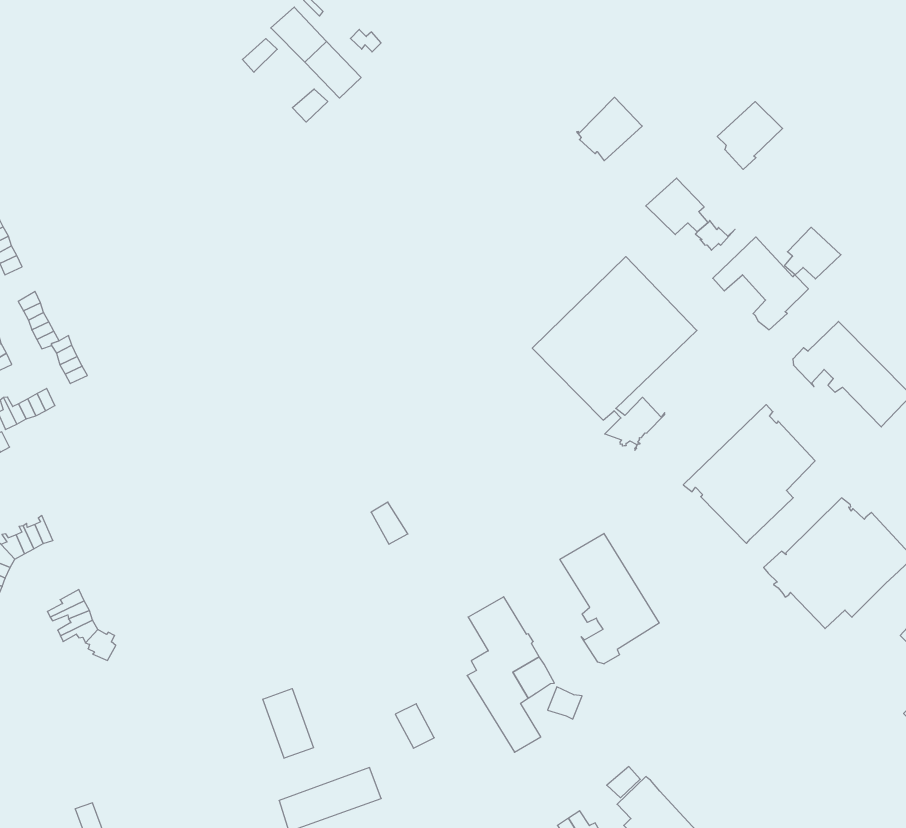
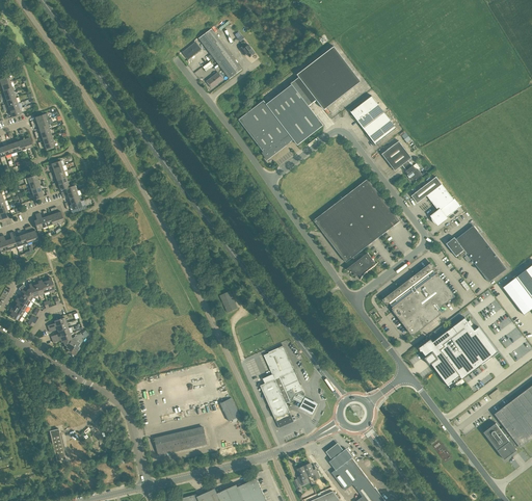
building: none -> [238,47,360,159]
building: [717,102,783,169] -> [362,112,396,147]
building: [785,227,841,279] -> none
building: [560,533,659,664] -> none
building: [263,689,313,758] -> none

